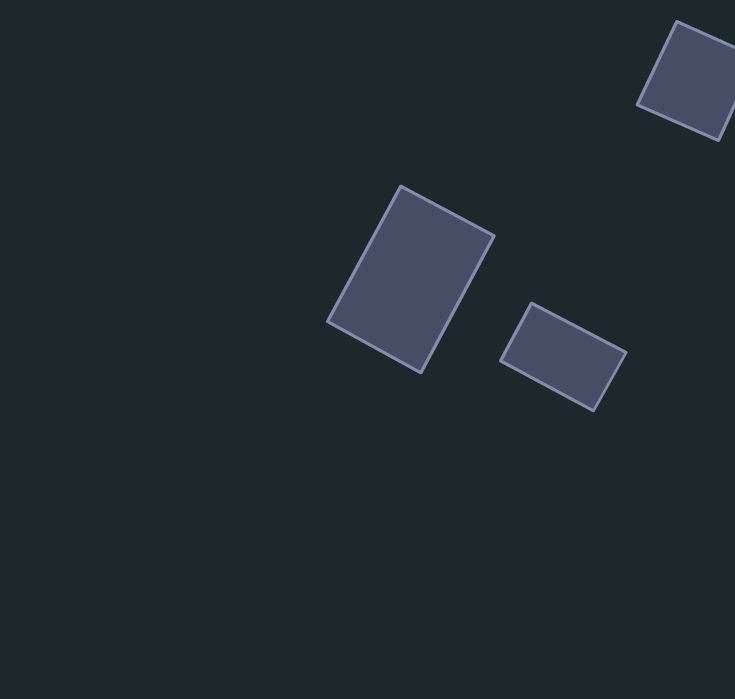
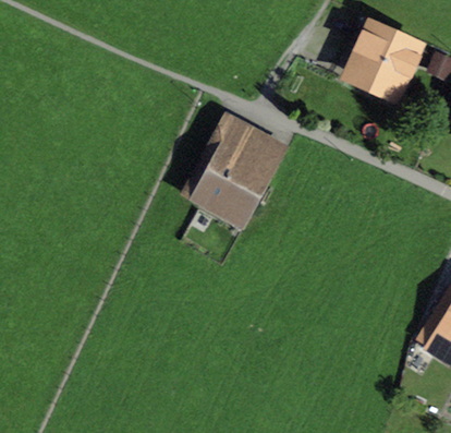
building: [500,303,626,411] -> none

